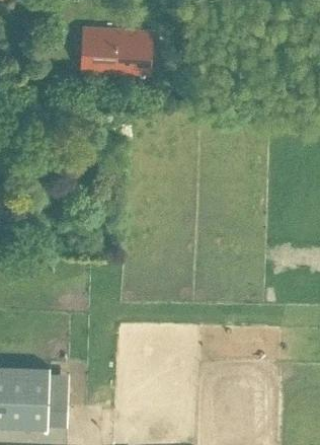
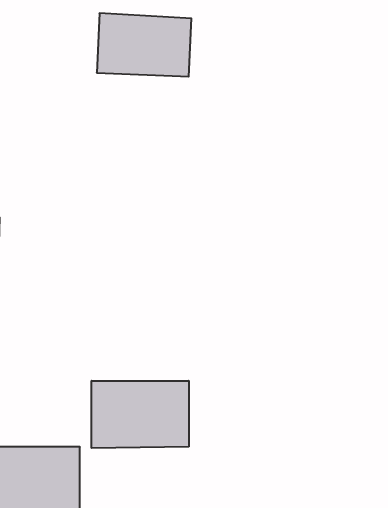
building: none -> [92,381,189,448]

